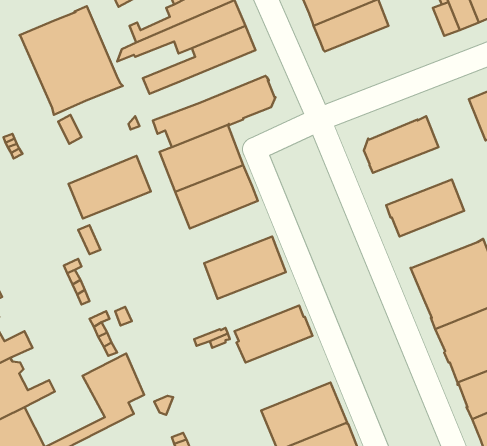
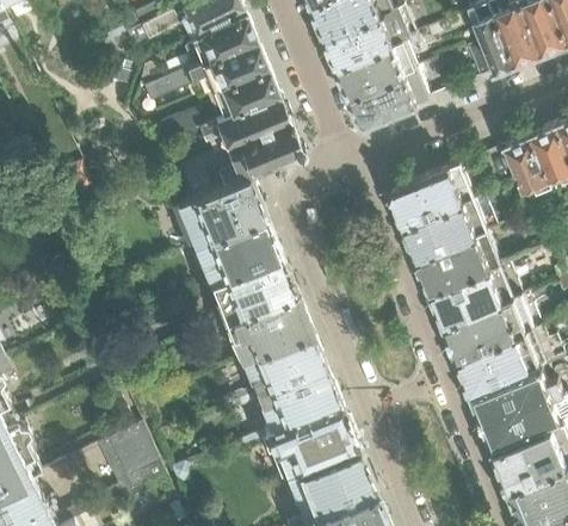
building: [20,6,123,115] -> none
building: none -> [353,72,433,126]
building: none -> [198,98,290,154]
building: none -> [405,202,489,264]
building: [68,156,151,218] -> [209,259,297,326]
building: none -> [432,270,517,330]
building: none -> [239,335,326,398]
building: none -> [240,403,360,484]

